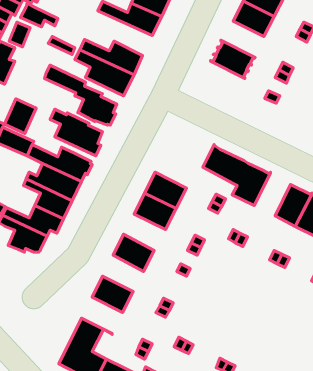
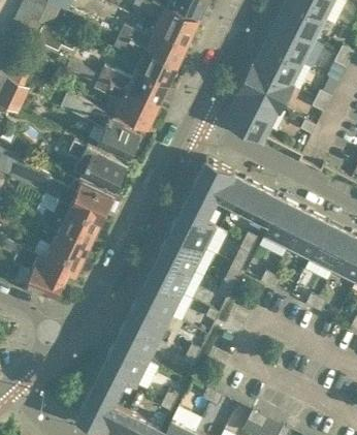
building: none -> [115,36,178,85]
building: none -> [255,48,299,87]
building: none -> [230,92,279,137]
building: [4,99,36,134] -> none
building: none -> [182,161,246,228]
building: none -> [289,212,328,258]
building: none -> [148,256,193,296]
building: none -> [125,301,171,344]
building: none -> [102,346,147,385]

